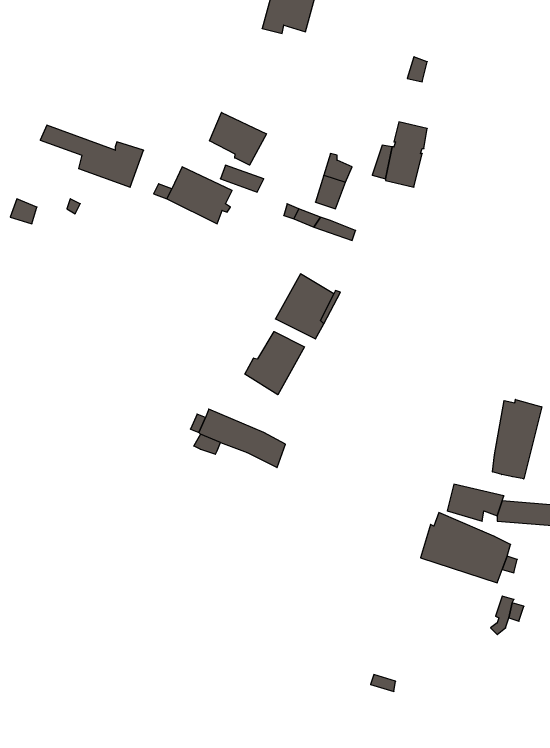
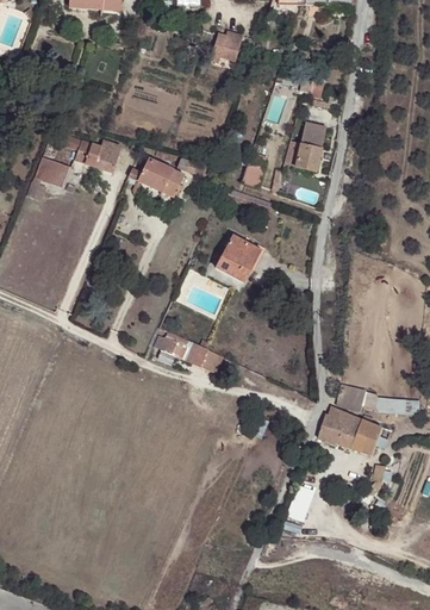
building: [210,112,266,165] -> none
building: none -> [35,156,70,188]
building: [245,332,304,395] -> none
building: [493,399,542,479] -> none

